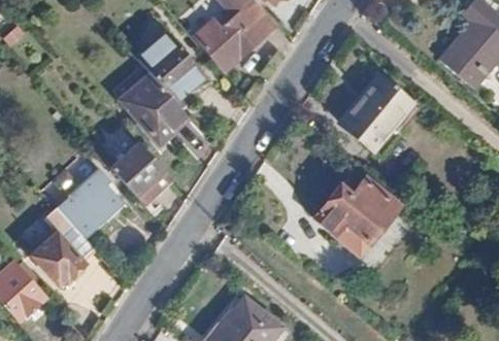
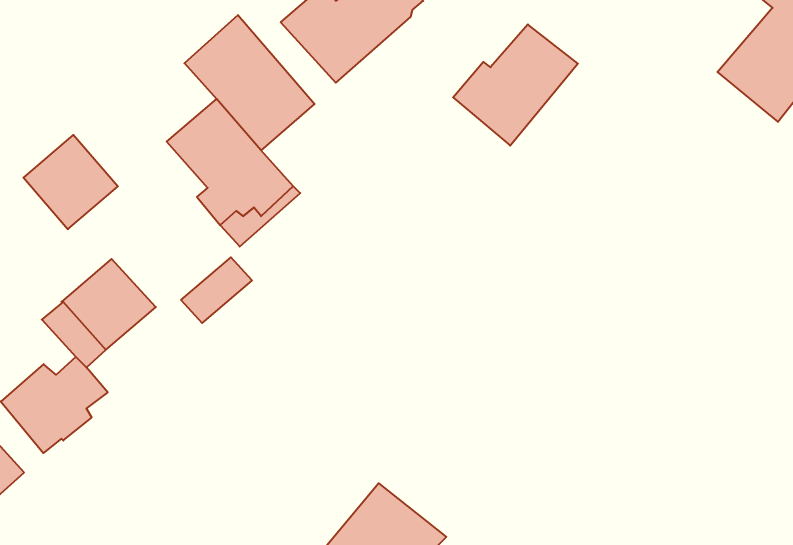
building: [342,83,414,154] -> [453,24,578,146]
building: [107,137,162,192] -> [23,135,118,229]
building: [311,175,398,254] -> none

